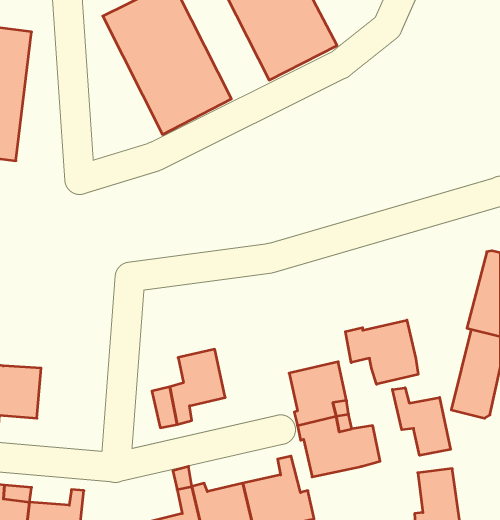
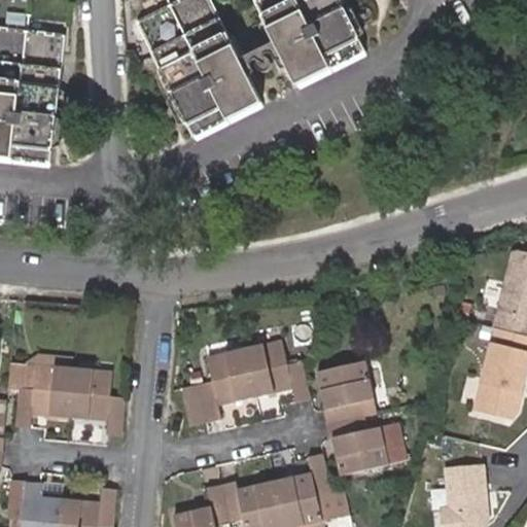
building: [345,320,418,384] -> none
building: none -> [244,341,307,402]
building: none -> [69,367,124,435]
building: [392,388,451,455] -> none

